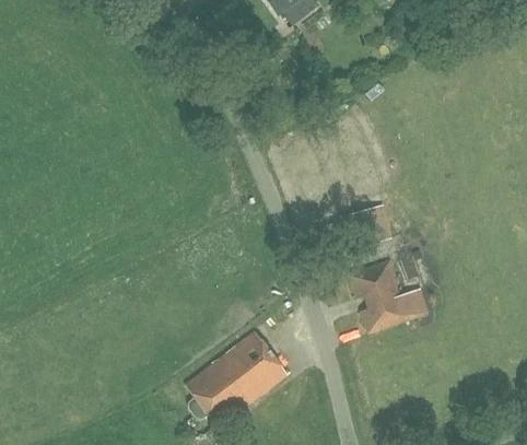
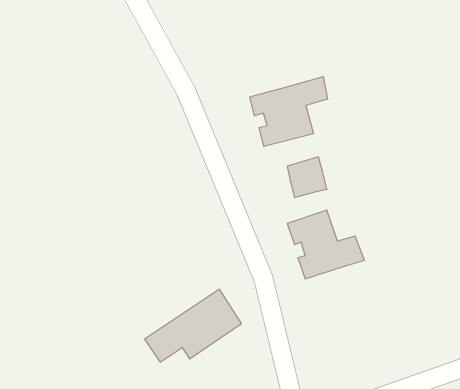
building: none -> [250,77,328,147]

